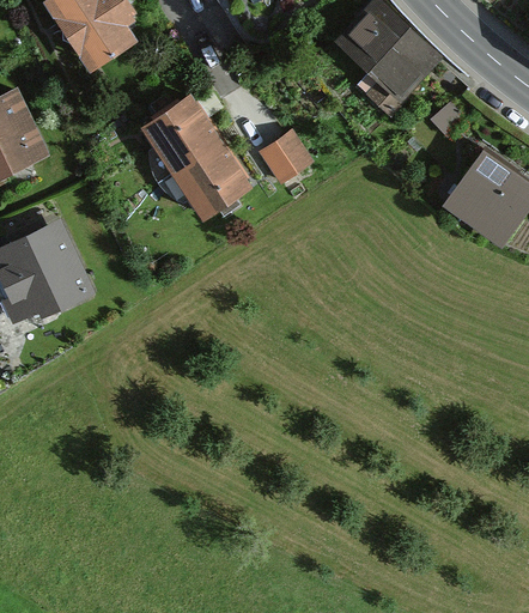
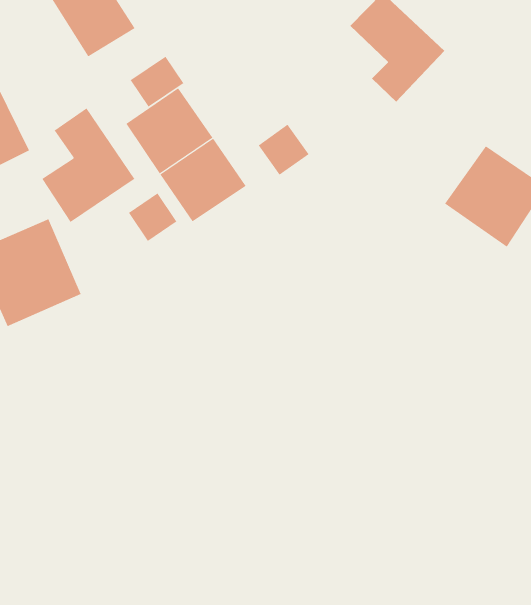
building: none -> [130,56,184,108]
building: none -> [41,107,135,223]
building: none -> [128,193,177,242]

